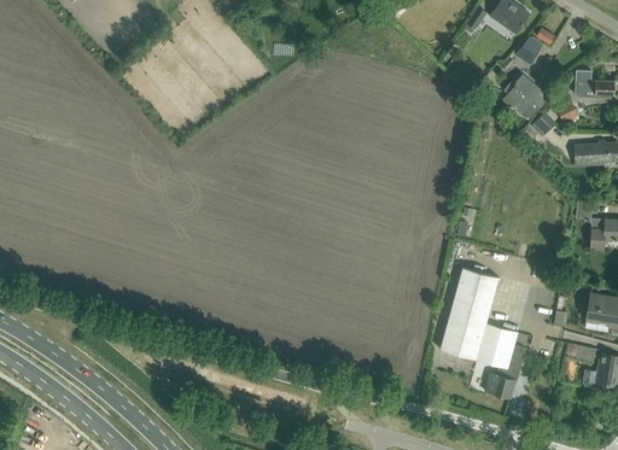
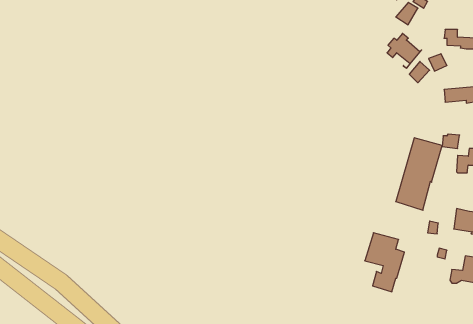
building: [442,269,500,360] -> [396,138,442,210]

